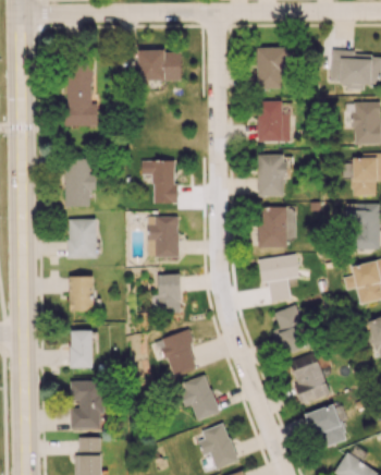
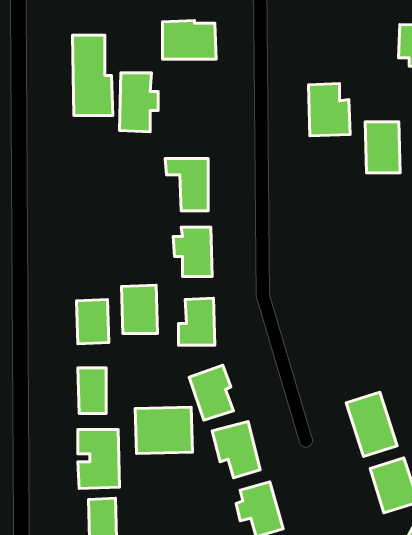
building: [257,47,284,88] -> none
building: [257,155,285,196] -> [365,122,400,173]
building: [64,159,96,207] -> [119,73,158,132]
building: [258,206,295,247] -> none
building: [67,219,97,258] -> [121,285,158,334]
building: [258,254,299,302] -> none
building: [274,305,308,353] -> none
building: none -> [135,407,192,454]

